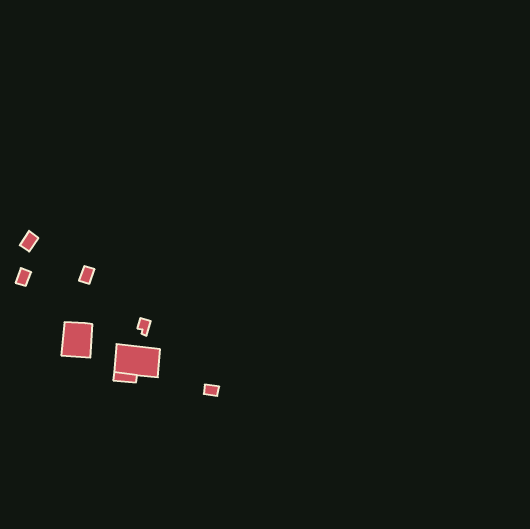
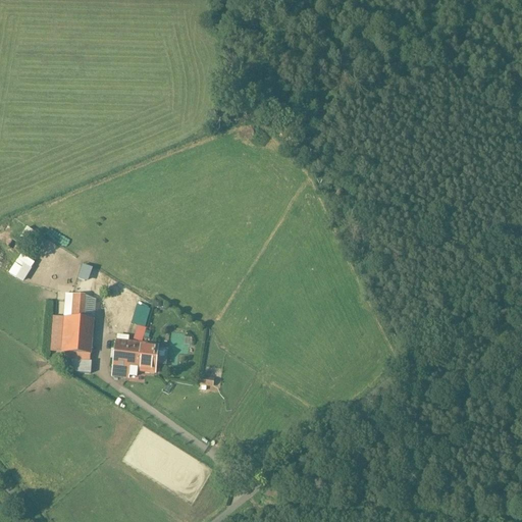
building: none -> [63,294,86,317]

